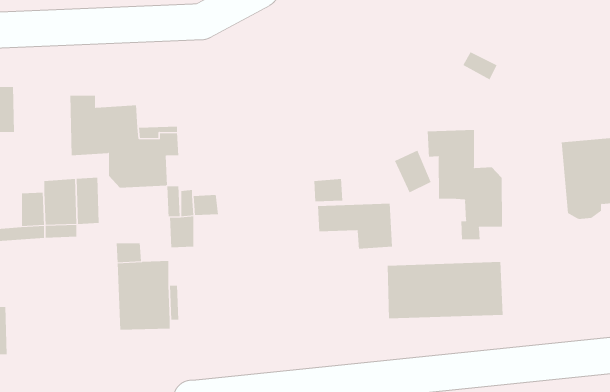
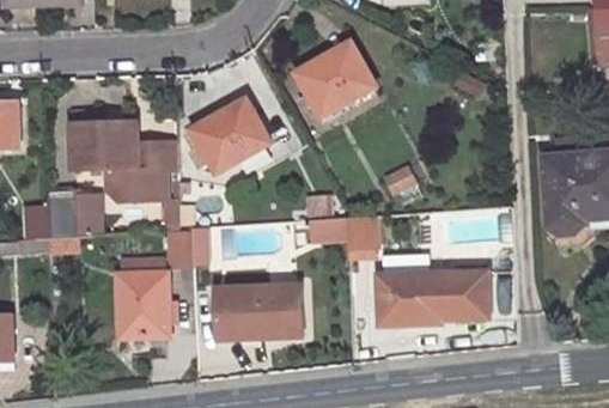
building: none -> [297,41,374,115]
building: none -> [191,96,272,172]
building: [427,129,503,240] -> none
building: none -> [217,284,304,339]

